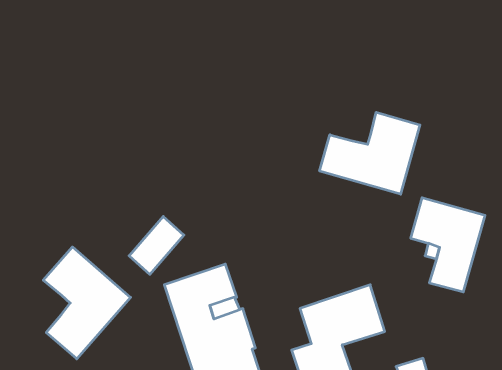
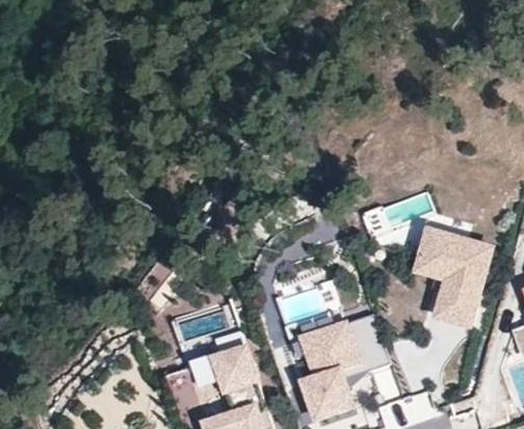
building: [320,112,420,194] -> none
building: [43,247,131,359] -> none

